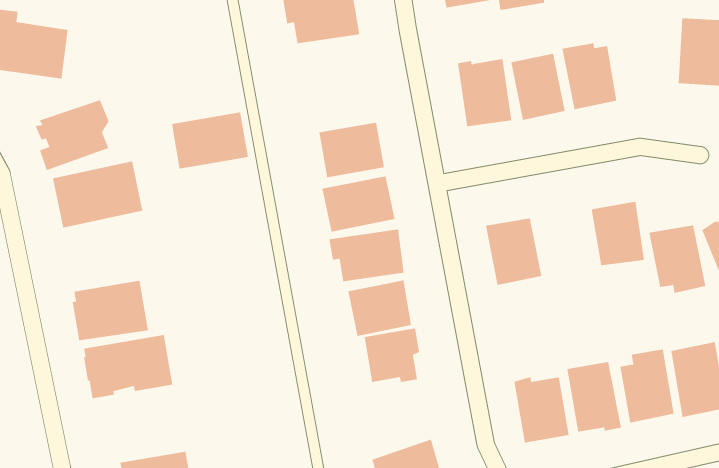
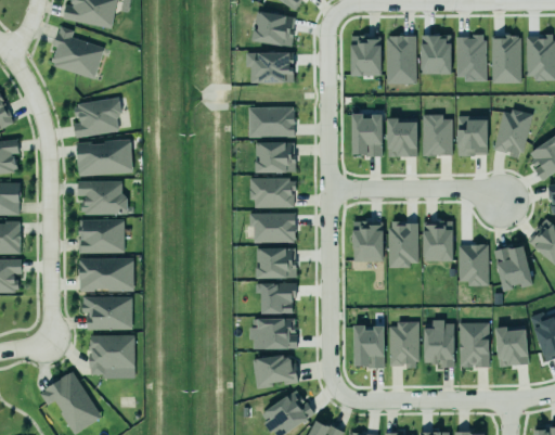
building: none -> [456,115,488,156]
building: [171,112,249,169] -> [248,106,295,137]
building: none -> [388,222,418,267]
building: none -> [76,180,126,214]
building: none -> [250,319,296,349]
building: none -> [82,296,132,330]

